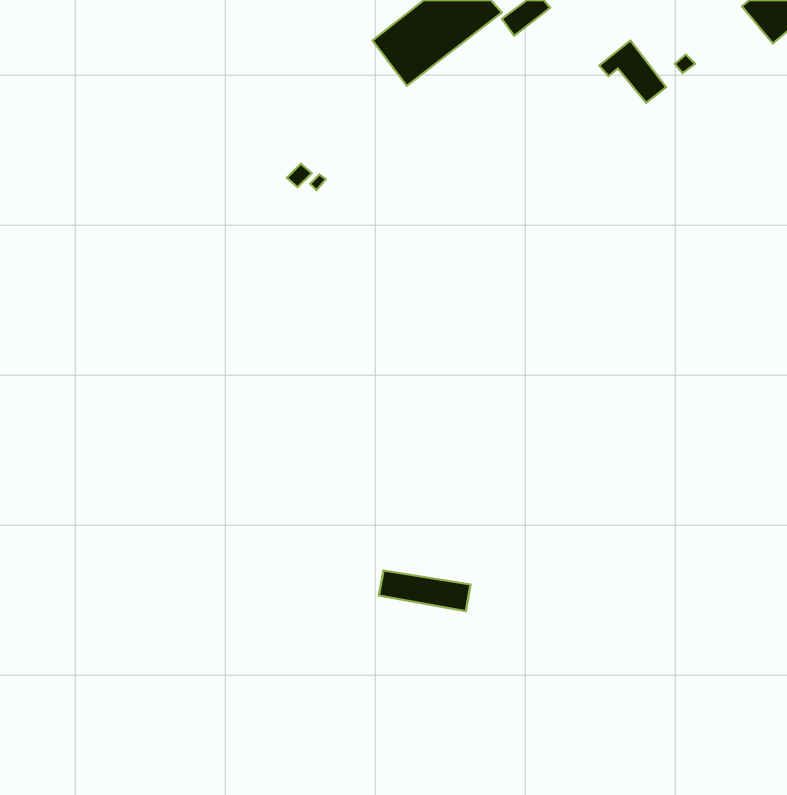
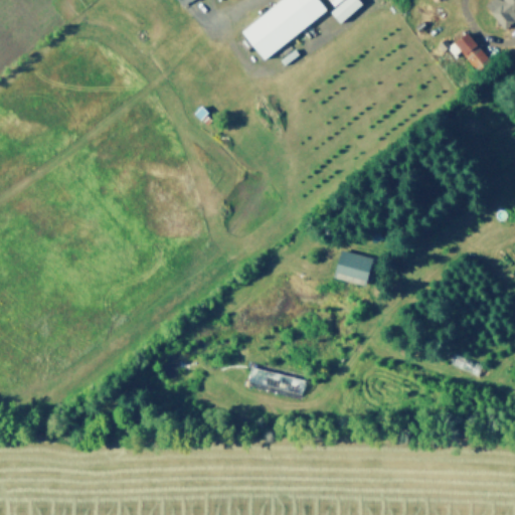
building: [599,40,666,103] -> [453,31,496,71]
building: none -> [330,251,370,286]

